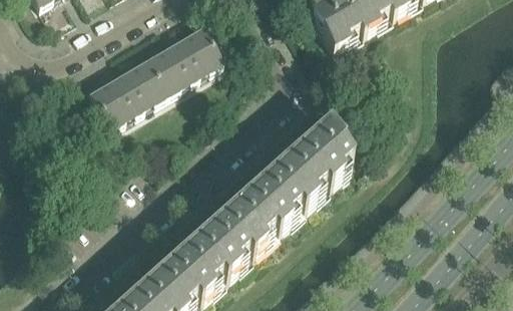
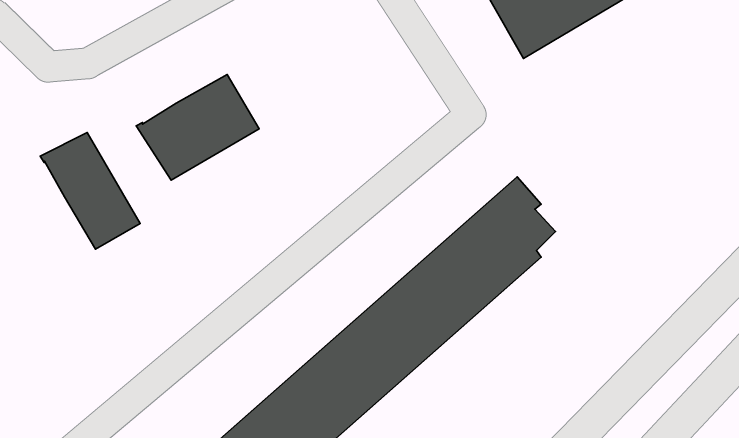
building: [145,26,221,93] -> none
building: none -> [40,133,140,249]

